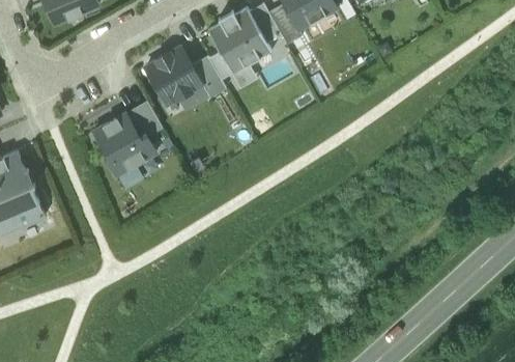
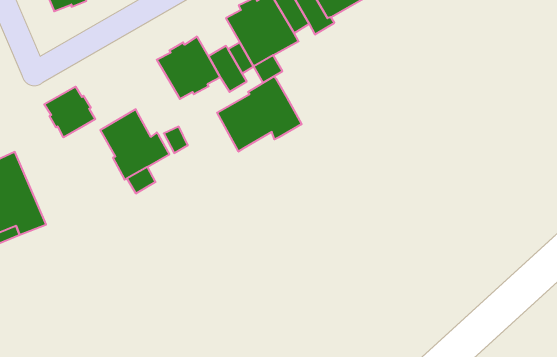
building: none -> [217,76,302,152]
building: none -> [44,87,95,137]
building: [127,104,162,137] -> none

